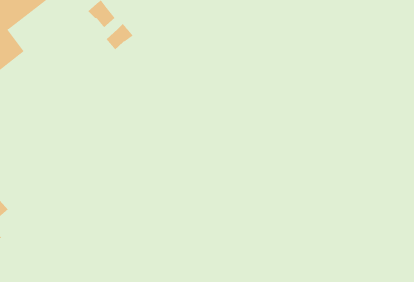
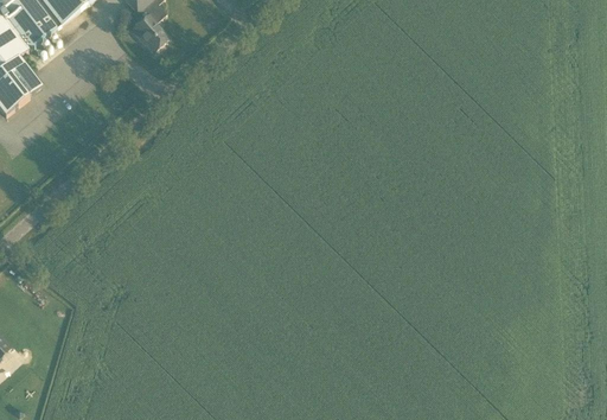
building: [106,23,133,50] -> none

